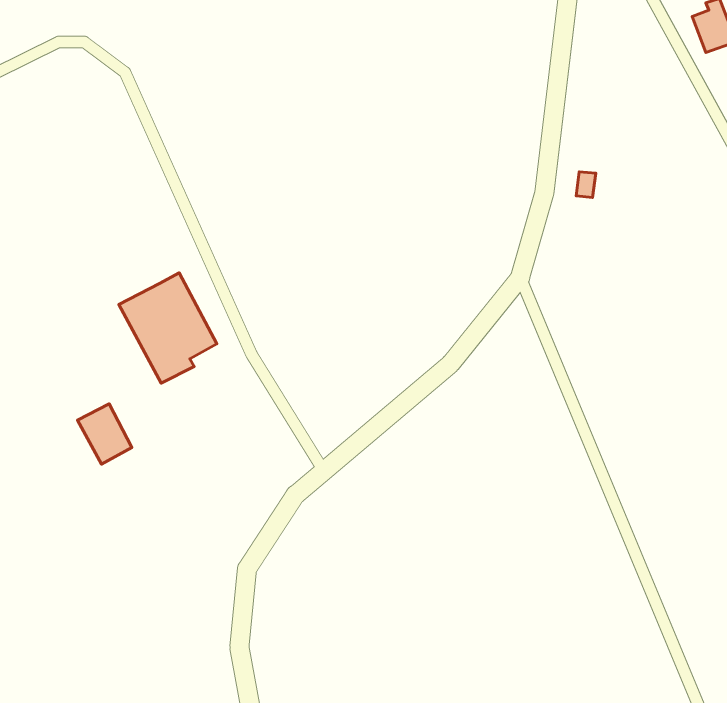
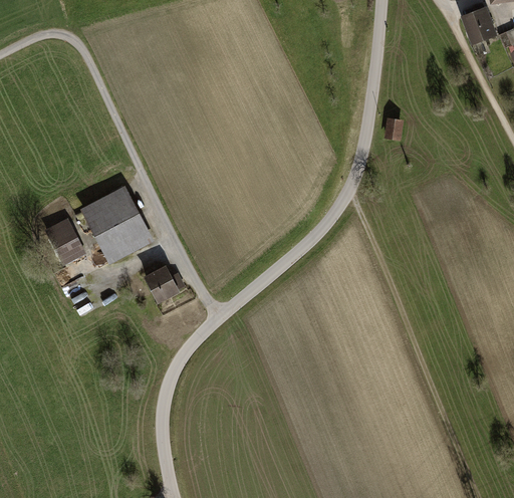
building: none -> [147,267,183,300]
building: [77,404,132,464] -> [48,223,84,263]

